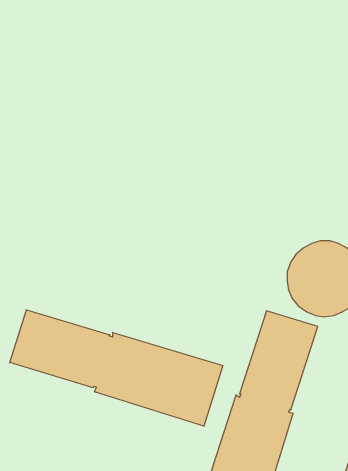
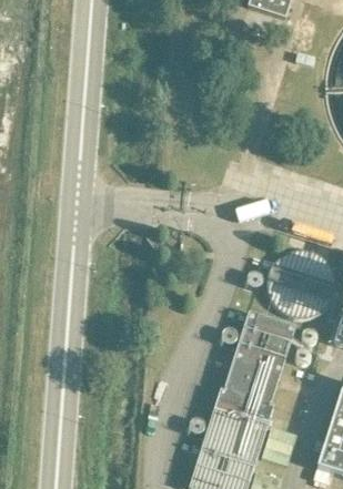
building: [10,310,223,426] -> none

